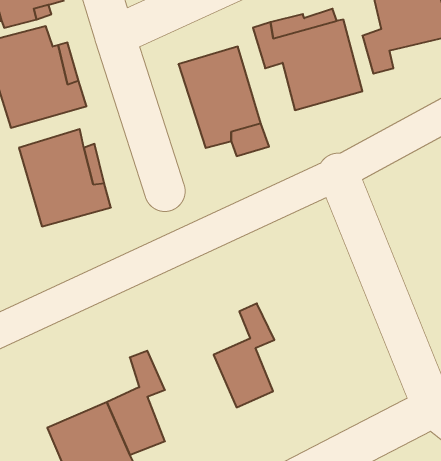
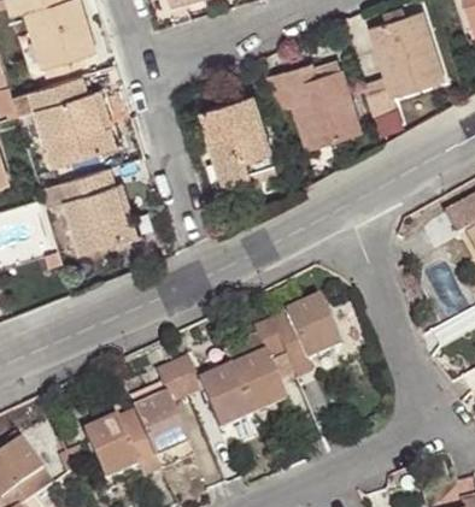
building: none -> [269,297,340,377]
building: none -> [171,355,251,426]

